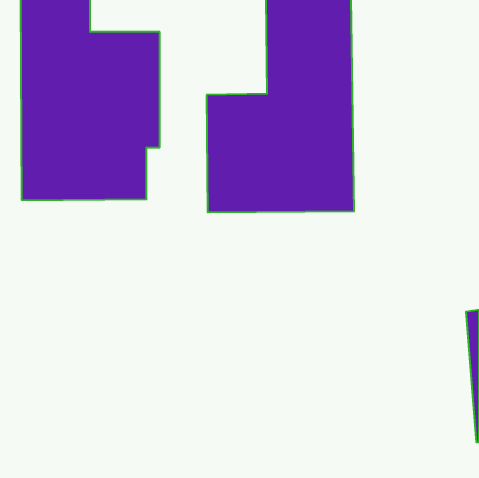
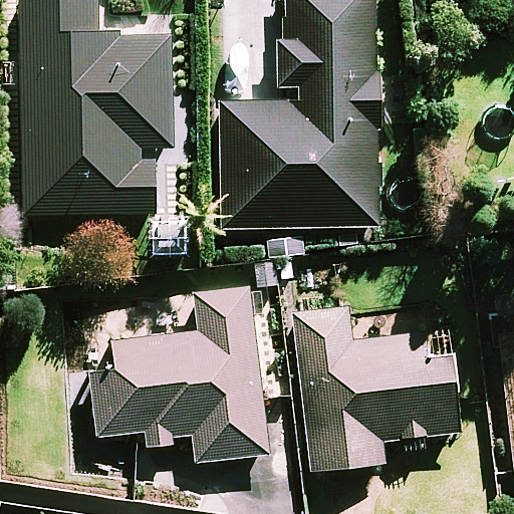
building: none -> [91,286,267,462]
building: none -> [296,309,459,470]

